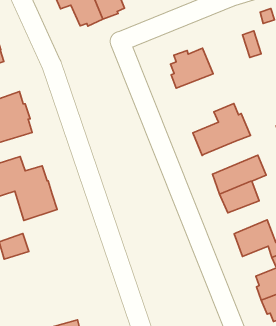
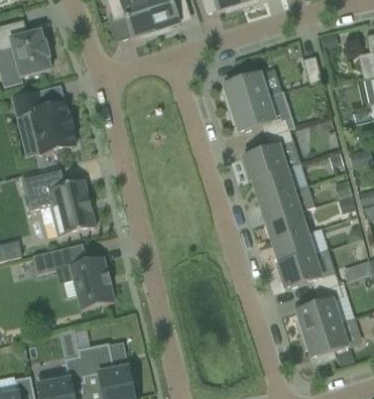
building: none -> [228,97,286,136]
building: none -> [252,168,292,201]
building: none -> [272,232,313,263]
building: none -> [71,256,114,308]

